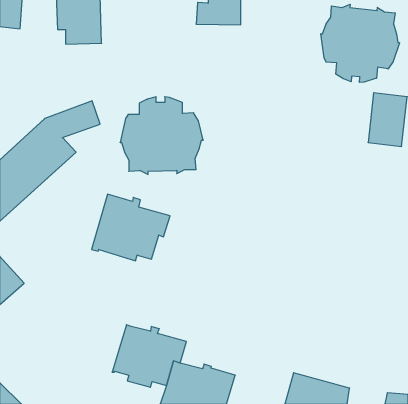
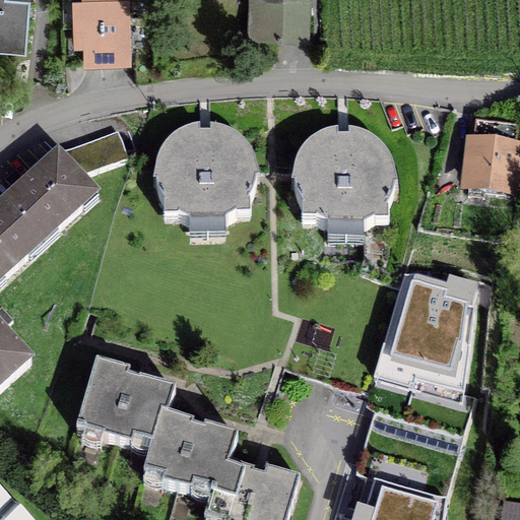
building: [321,4,400,82] -> none
building: none -> [290,128,396,226]
building: [92,194,170,261] -> [75,361,175,445]
building: none -> [373,269,472,399]

